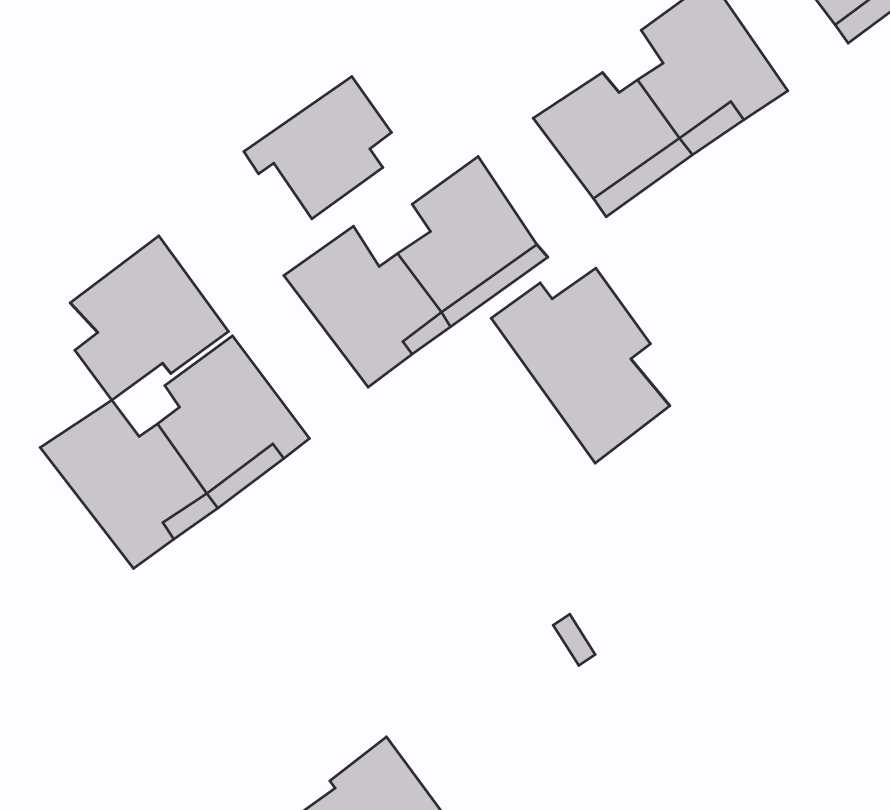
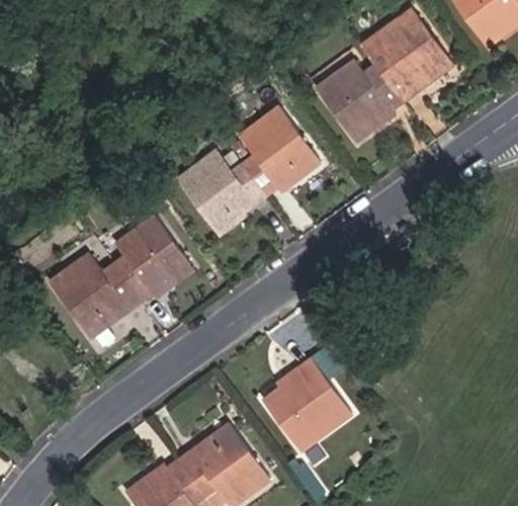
building: [244,77,391,219] -> none
building: [70,236,228,400] -> none
building: [491,268,670,463] -> none
building: none -> [265,359,350,451]

